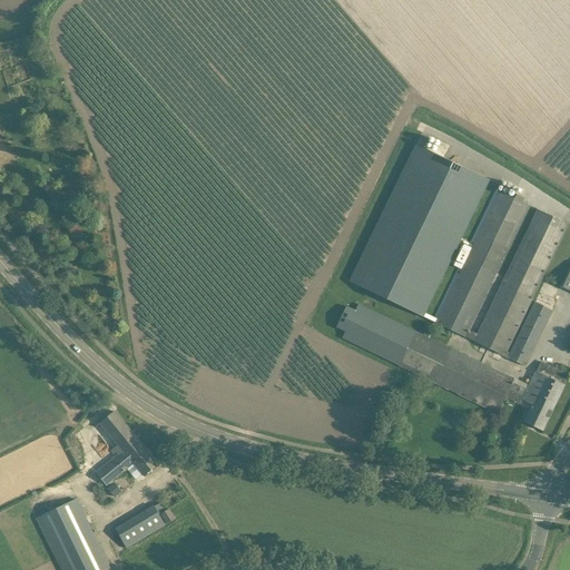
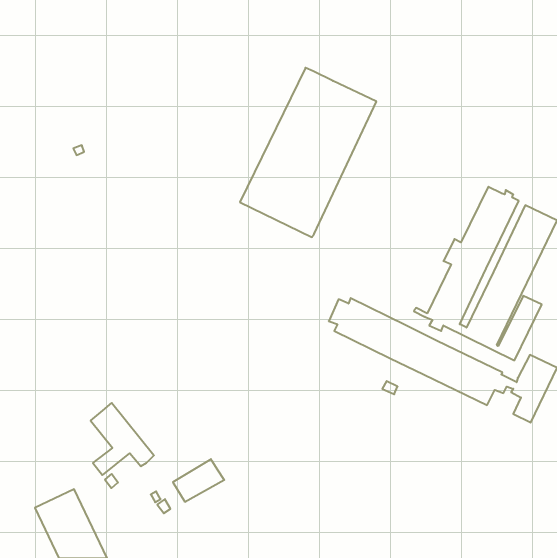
building: [348,145,488,317] -> [240,68,376,237]
building: [112,504,165,548] -> [173,459,224,502]

